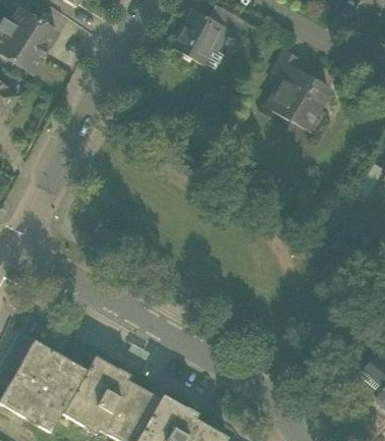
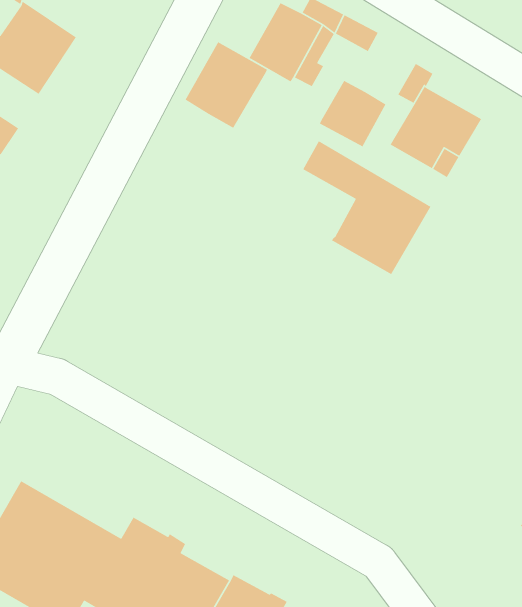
building: none -> [185,41,268,129]
building: none -> [319,80,386,148]
building: none -> [302,140,431,275]

